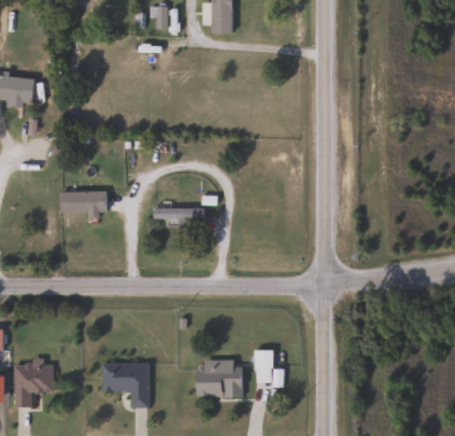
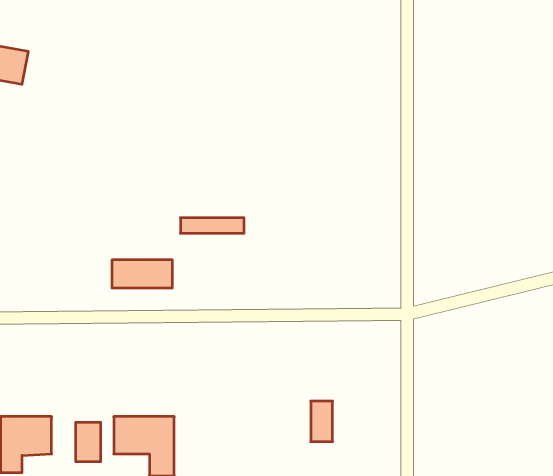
building: [61,192,108,213] -> [112,260,172,288]
building: [196,360,242,396] -> none
building: none -> [76,422,101,462]

